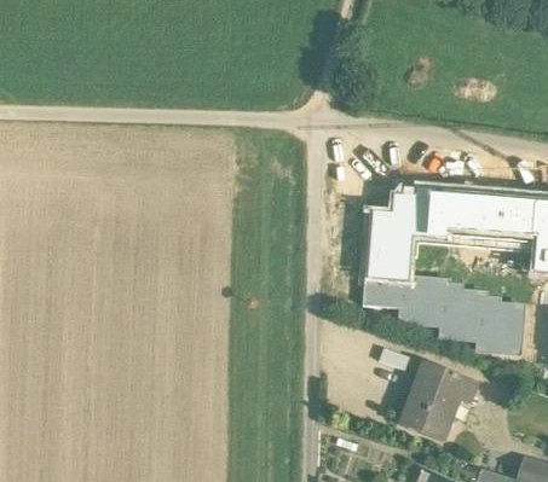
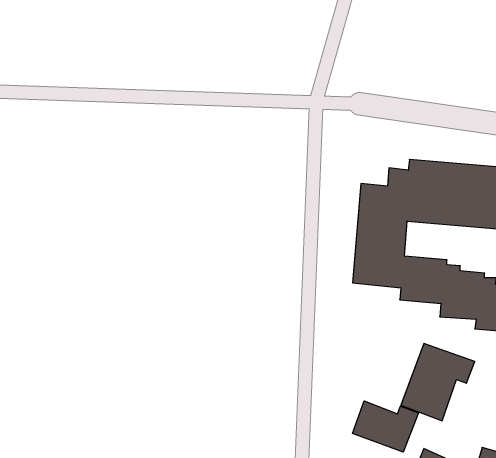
building: none -> [353,401,418,452]

